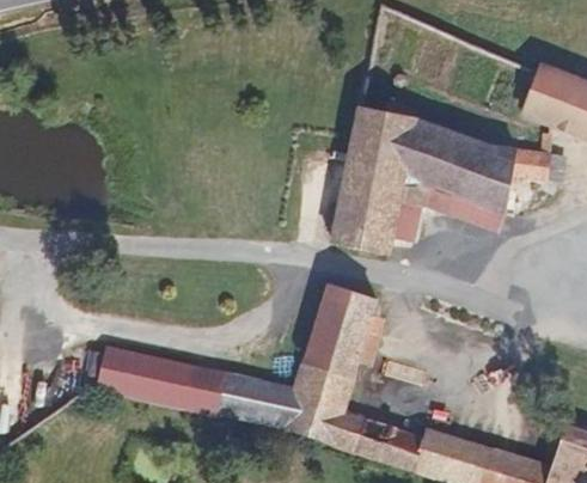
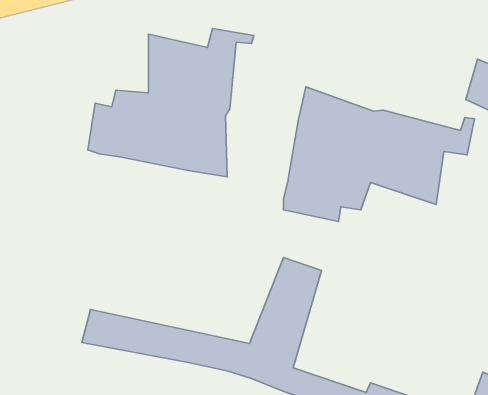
building: none -> [88,28,254,177]

